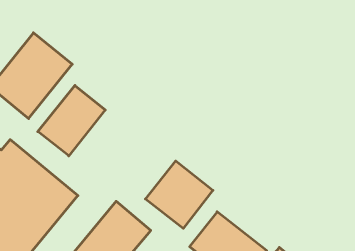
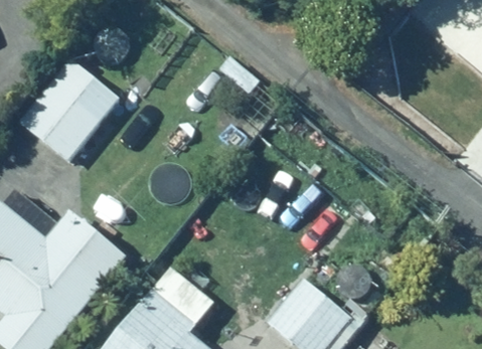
building: [38,85,105,156] -> none
building: [145,161,213,228] -> none

